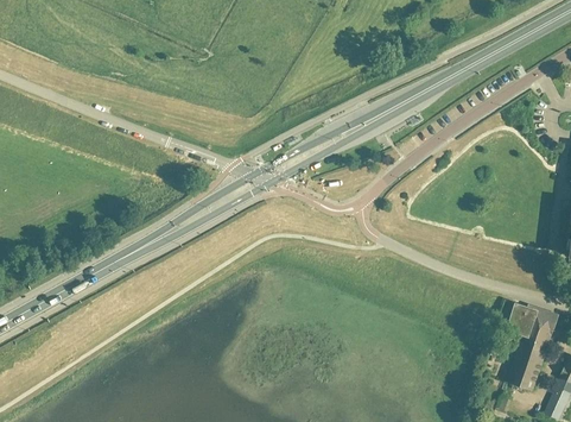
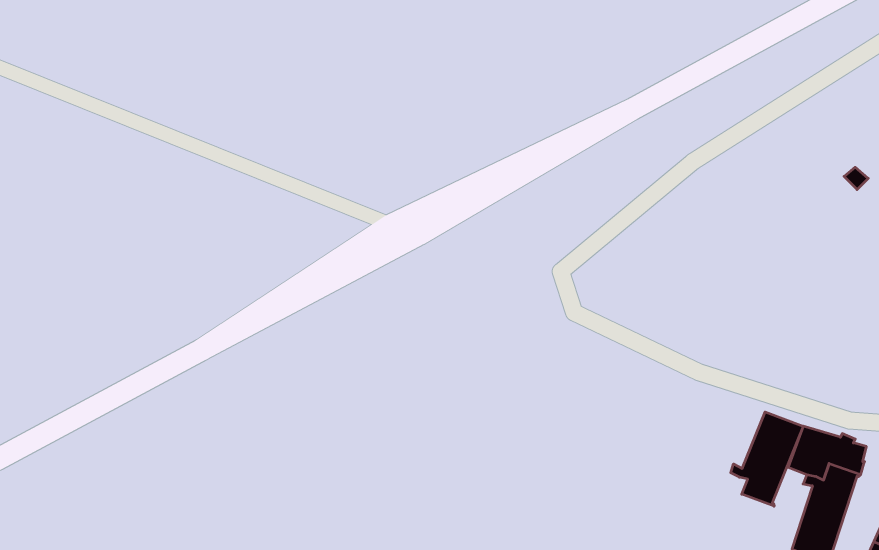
building: none -> [731,412,803,506]

